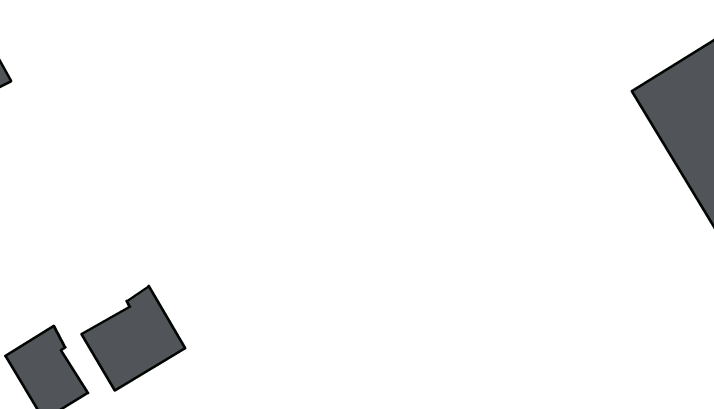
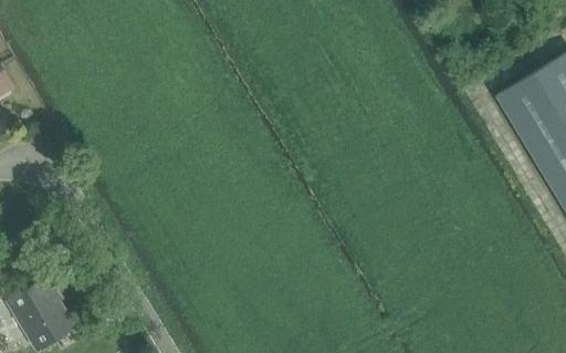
building: [82,286,185,390] -> none

